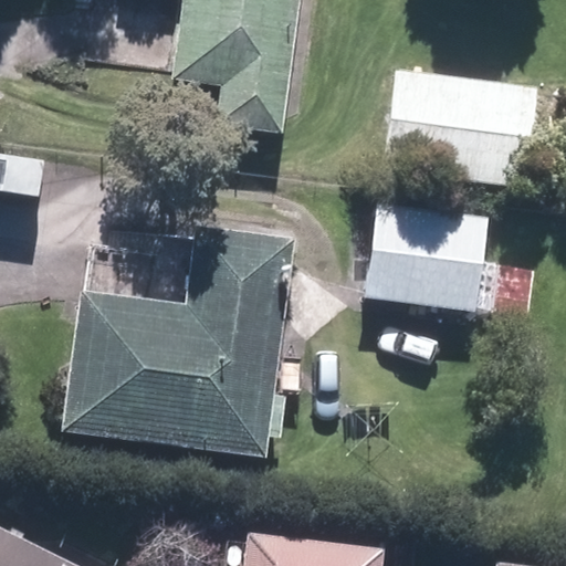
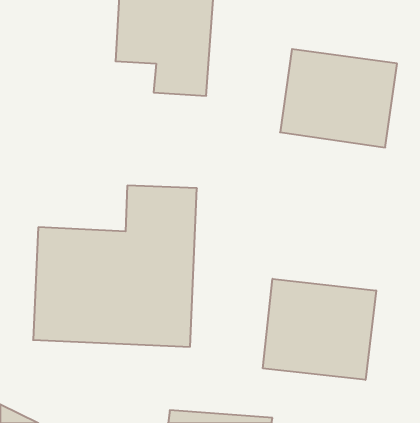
building: [366,202,494,312] -> none
building: none -> [263,279,376,380]

